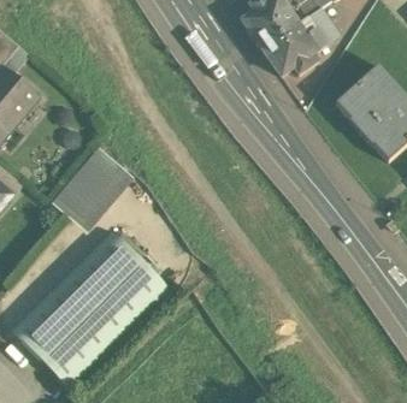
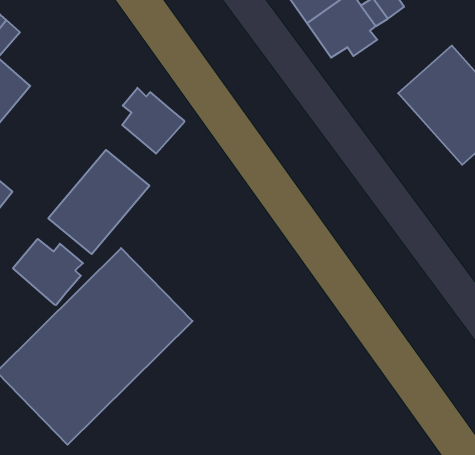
building: none -> [122,88,184,154]
building: none -> [13,239,83,305]

